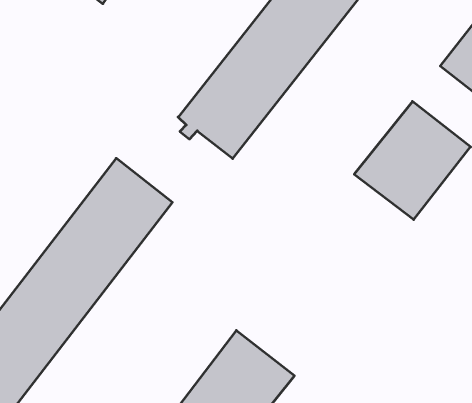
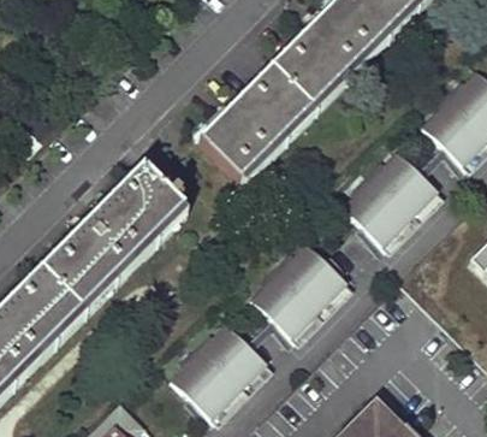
building: none -> [250,240,349,338]

